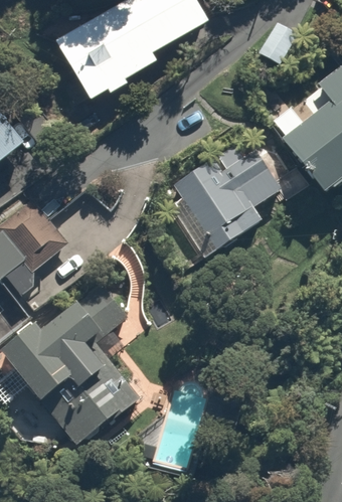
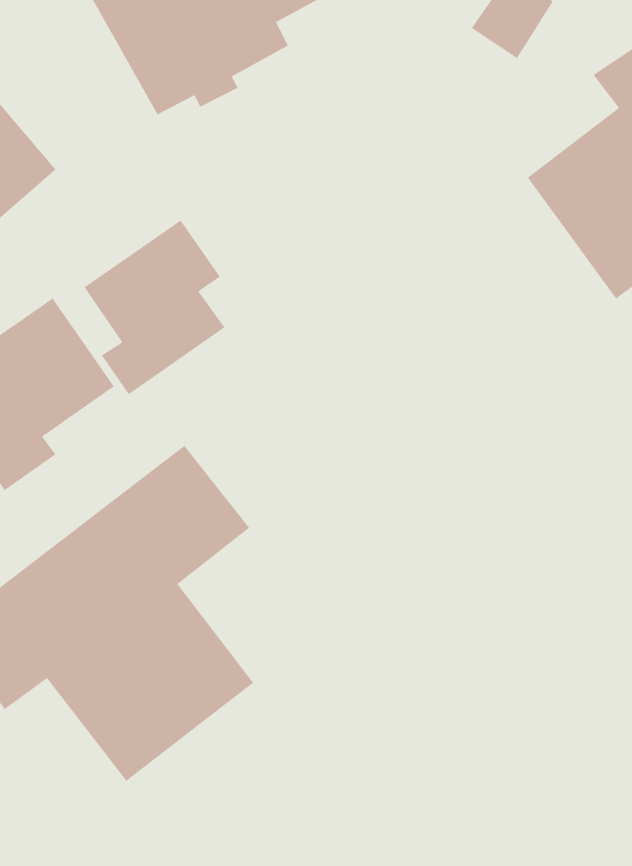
building: [169,148,285,257] -> none
building: none -> [84,220,226,395]

